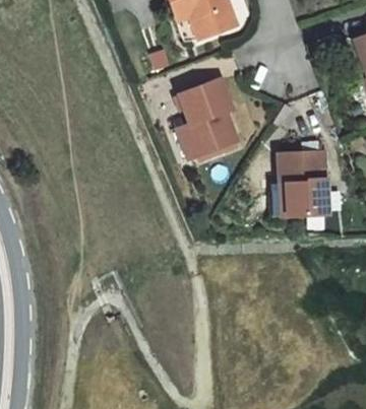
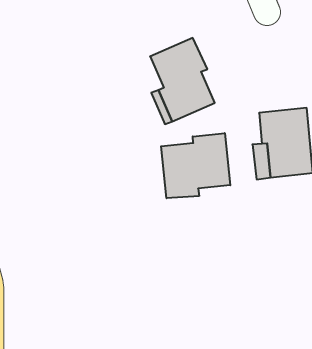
building: none -> [161,133,230,198]

